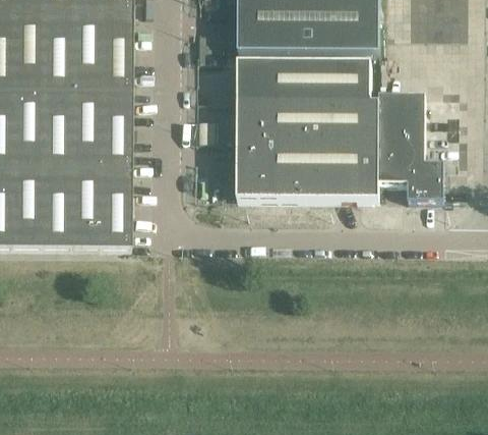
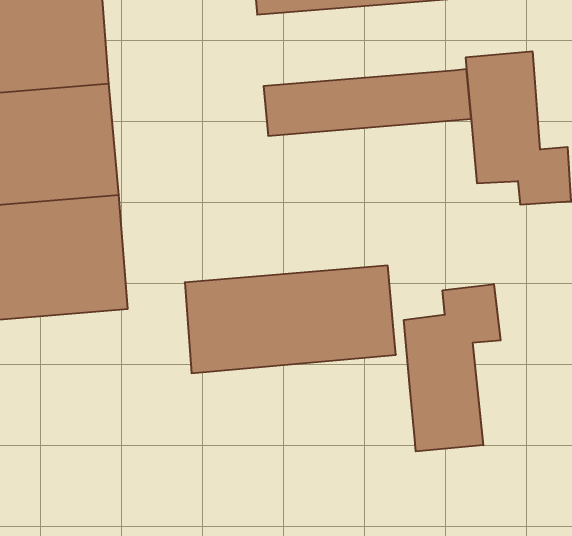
building: [237,61,370,102] -> none
building: [236,135,378,199] -> [185,266,396,373]
building: none -> [404,284,500,451]

